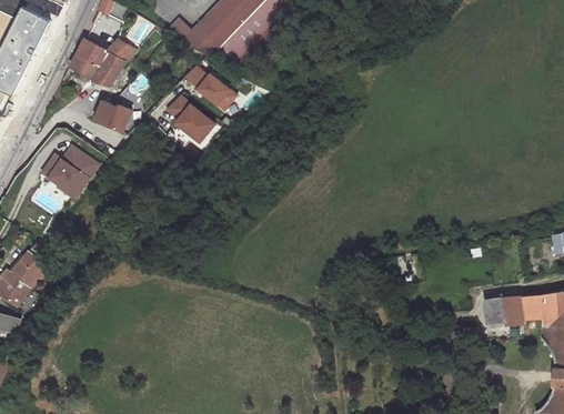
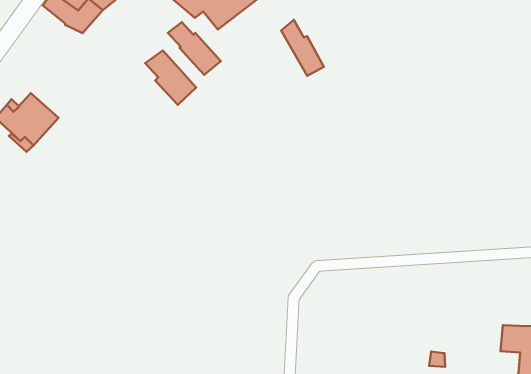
building: none -> [281,20,324,76]
building: [91,97,132,130] -> none
building: [483,295,523,325] -> none

